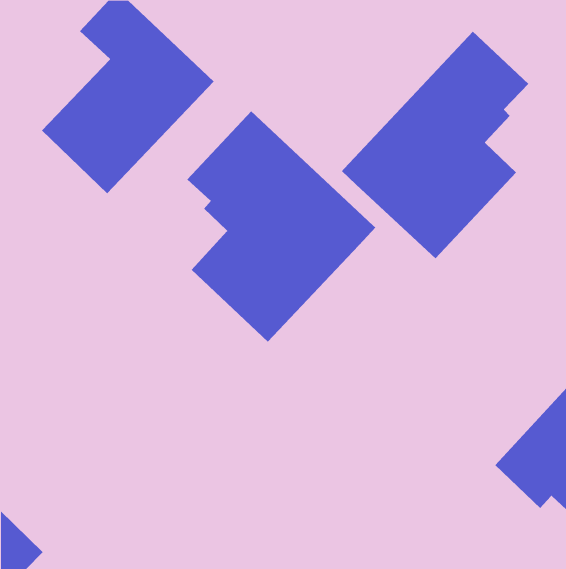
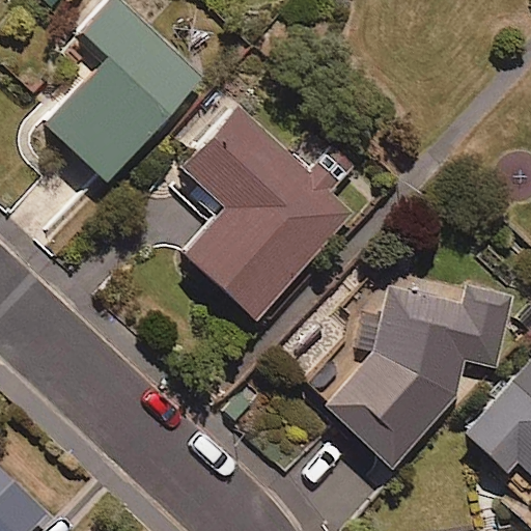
building: [341,31,529,259] -> none
building: none -> [320,283,514,471]

